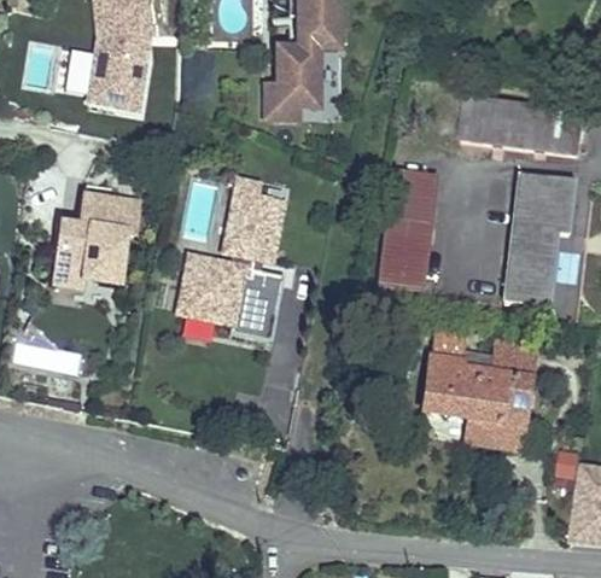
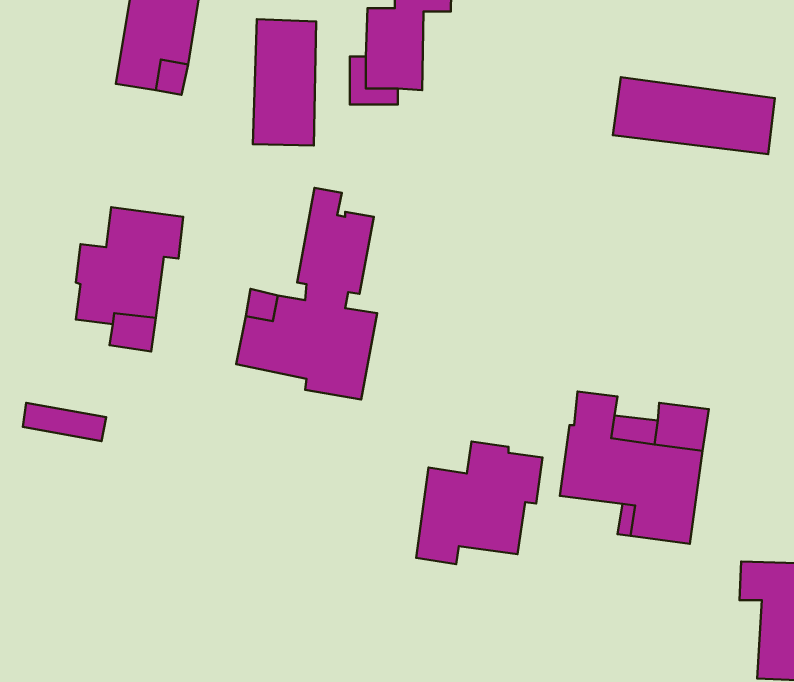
building: none -> [253,19,316,145]
building: [378,167,434,290] -> none
building: [504,170,576,304] -> none
building: none -> [416,441,542,564]

